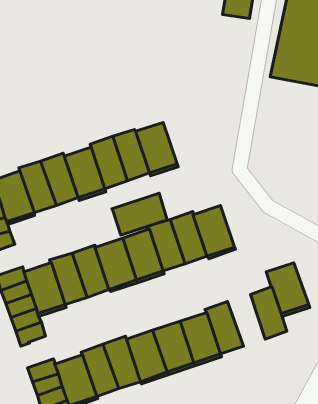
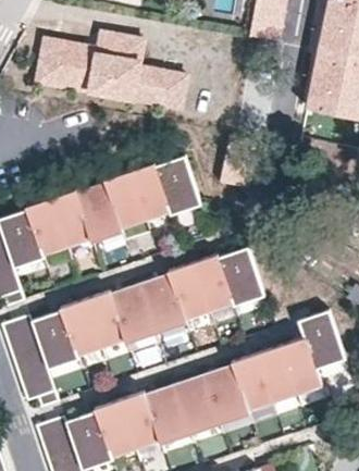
building: none -> [35,28,189,109]
building: [112,193,167,235] -> none
building: none -> [256,346,297,402]

